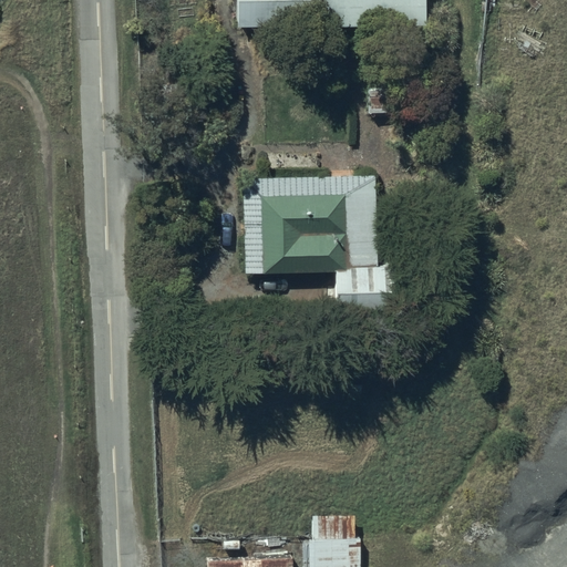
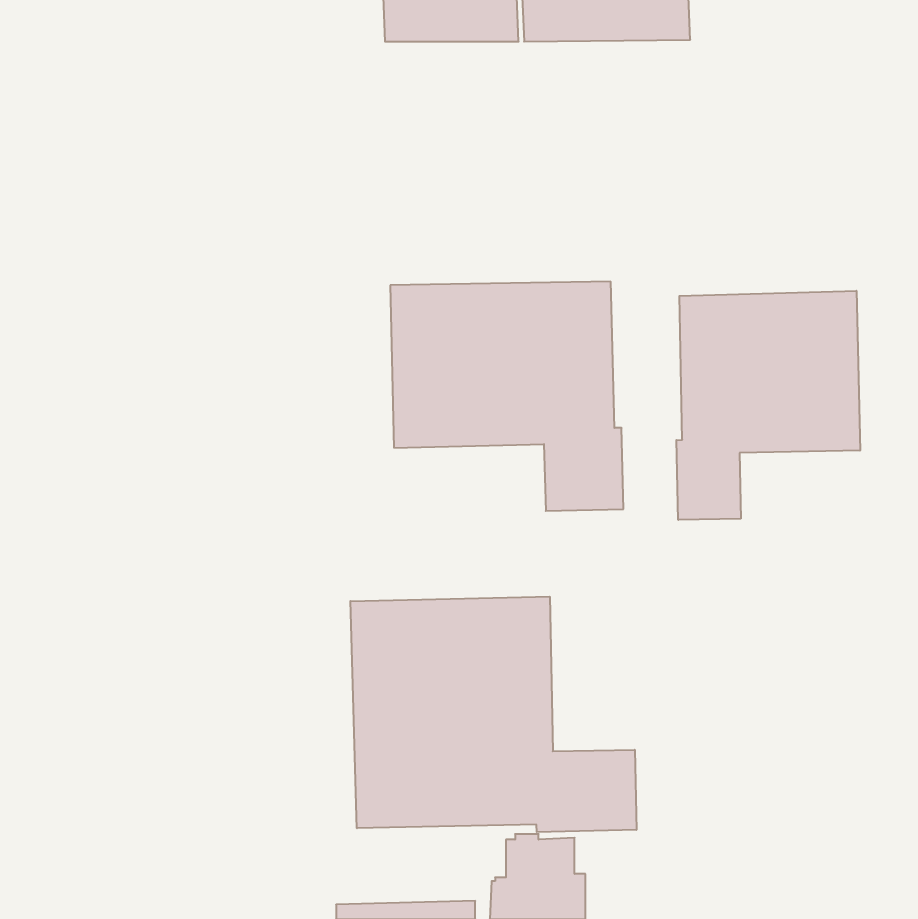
building: none -> [676,291,860,520]
building: none -> [350,597,636,832]

